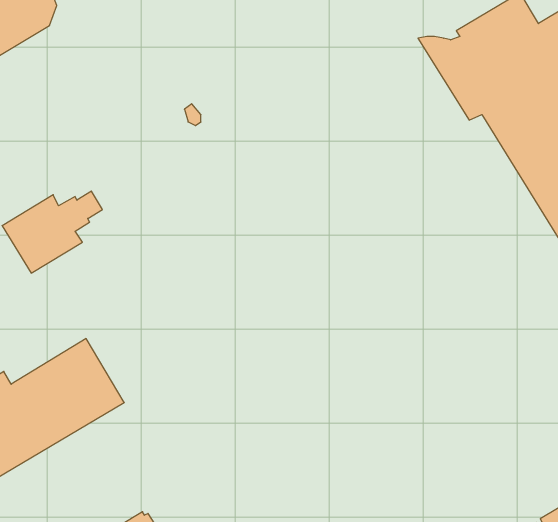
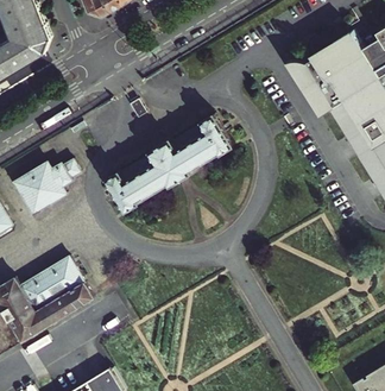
building: none -> [108,113,234,209]

